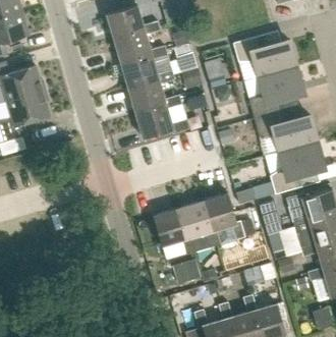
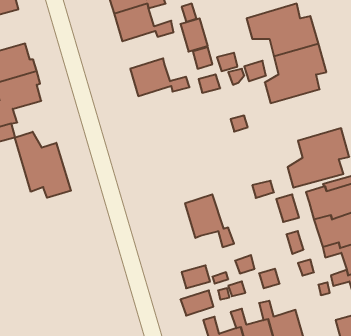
building: [121,54,174,88] -> none
building: [135,103,188,136] -> none
building: [254,106,317,152] -> none
building: none -> [15,132,71,198]
building: [202,192,245,243] -> none
building: [153,208,195,254] -> none

